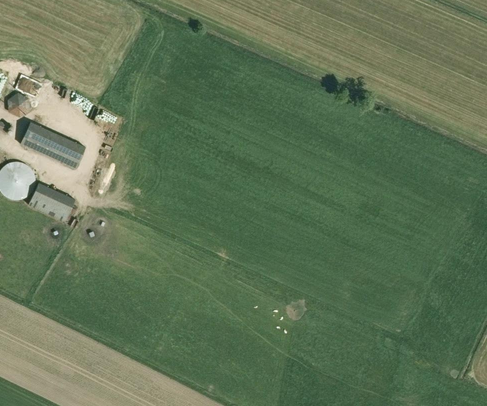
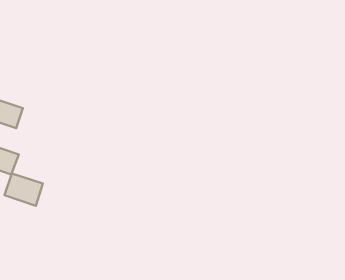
building: none -> [4,173,43,206]

